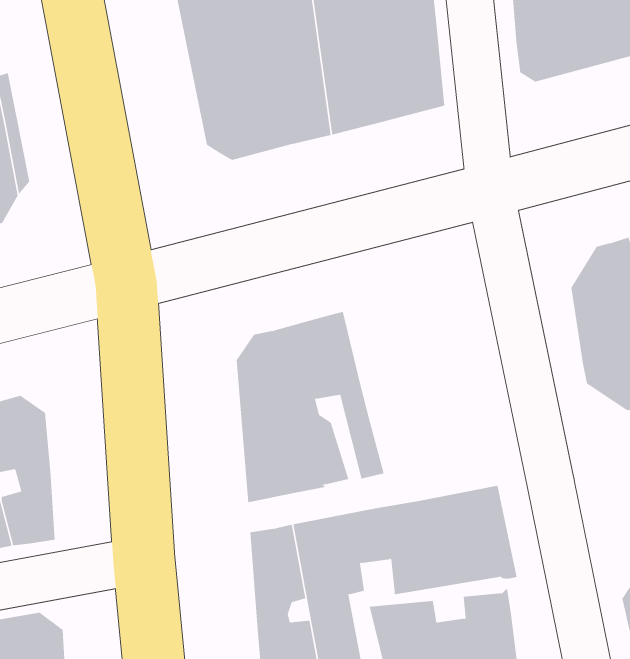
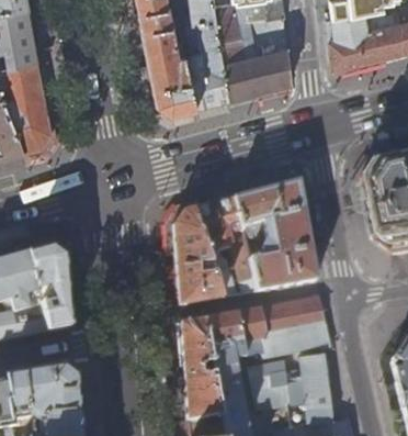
building: none -> [234,181,317,291]

